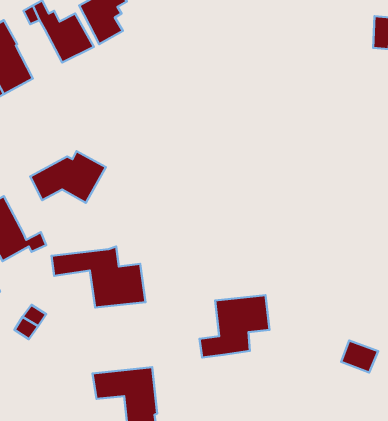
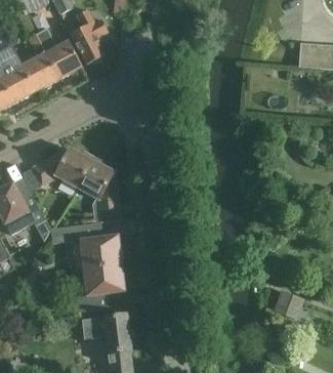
building: none -> [22,52,57,90]
building: none -> [76,159,119,222]
building: [199,295,270,357] -> [71,263,125,312]

